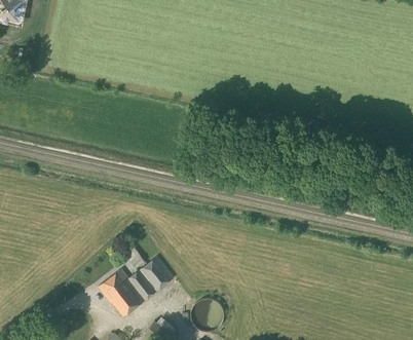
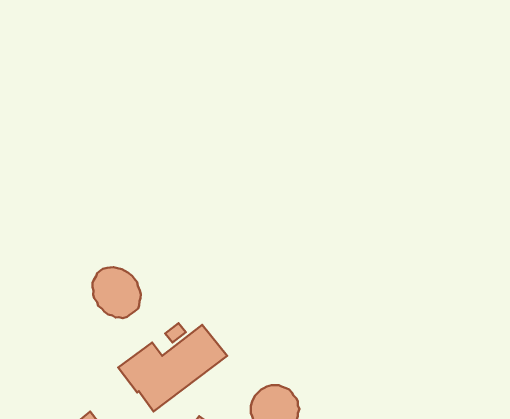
building: none -> [92,267,141,318]

